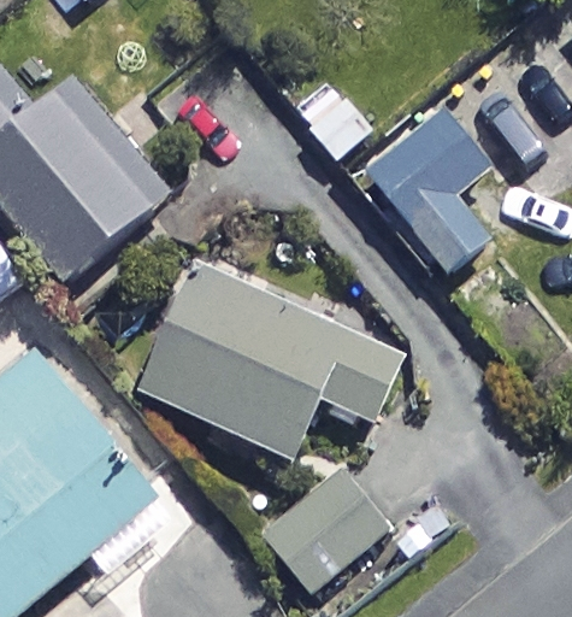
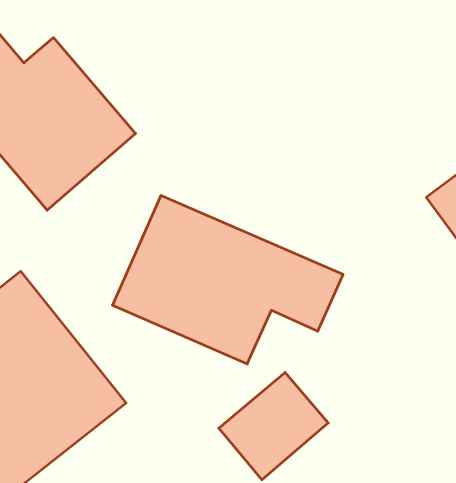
building: [350,96,493,277] -> none

